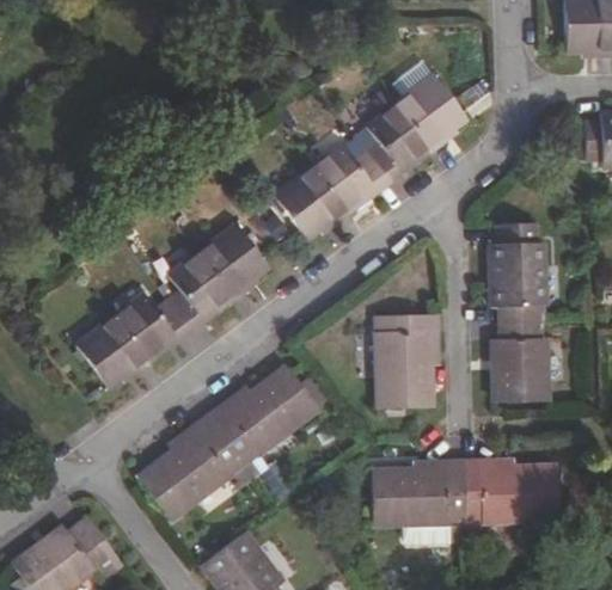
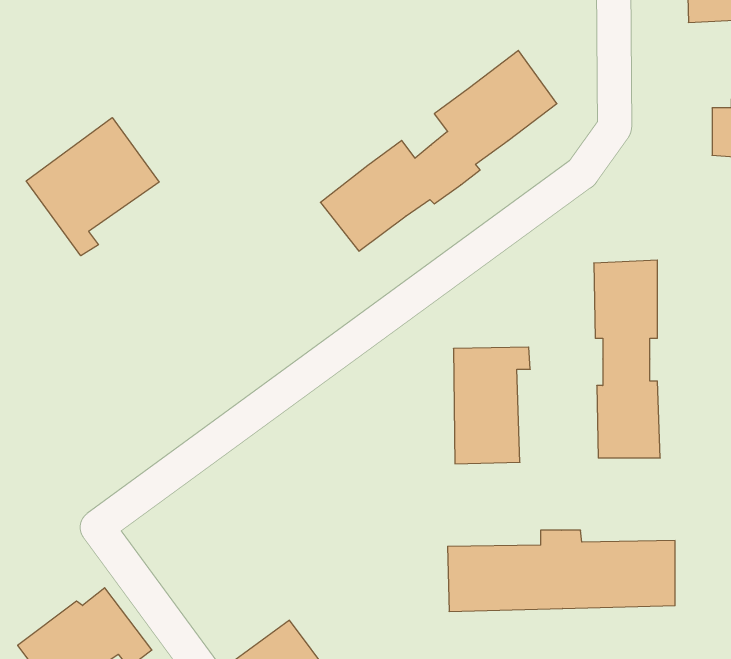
building: none -> [26,118,159,256]
building: [74,225,263,386] -> none
building: [141,367,318,518] -> none

